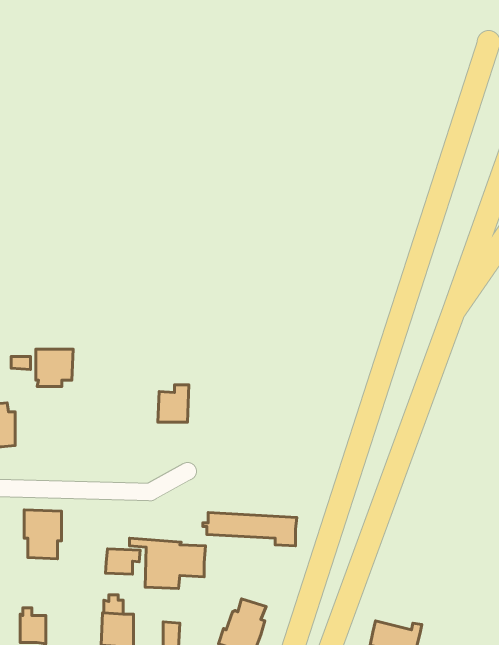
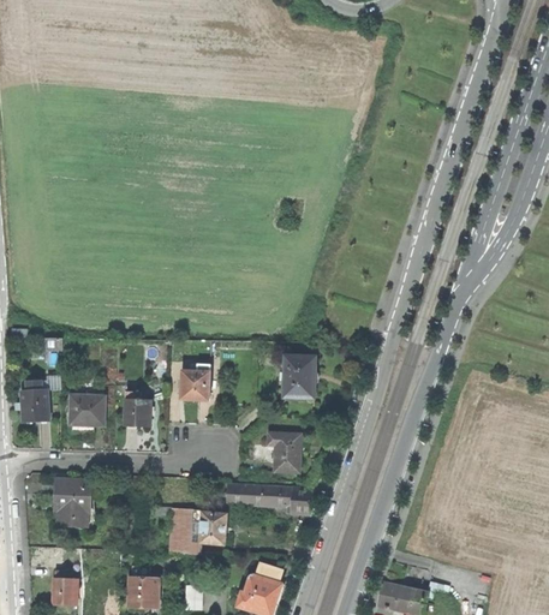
building: [36,349,73,387] -> [68,395,103,430]
building: none -> [284,357,316,398]
building: none -> [125,392,150,425]
building: none -> [268,432,300,472]
building: [105,549,140,574] -> none

